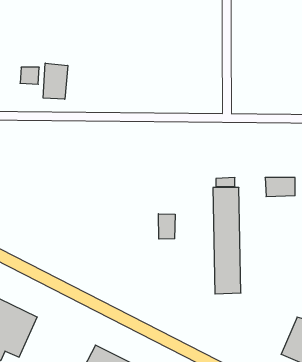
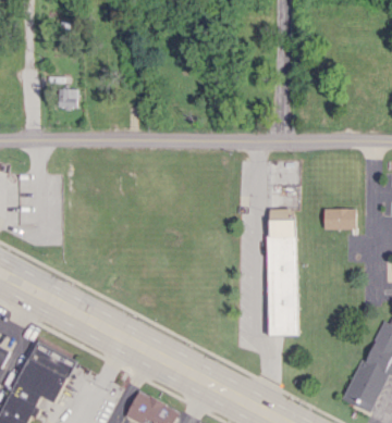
building: [43,63,68,99] -> none
building: [158,214,175,239] -> none

